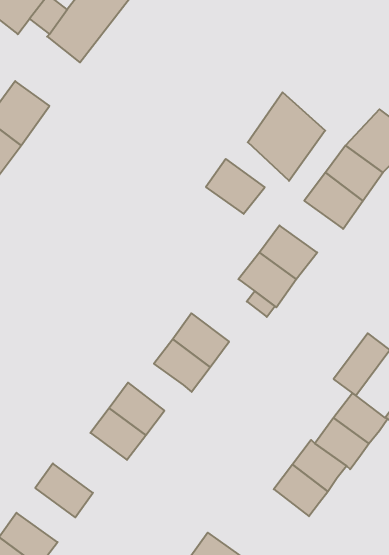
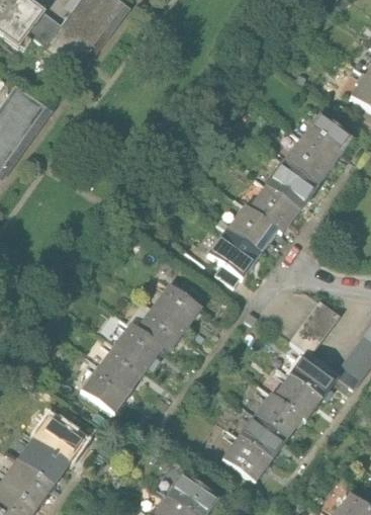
building: [248,92,325,181] -> none
building: [206,159,265,214] -> [248,187,298,235]
building: none -> [113,323,161,368]
building: none -> [17,435,68,482]
building: none -> [222,436,269,481]

